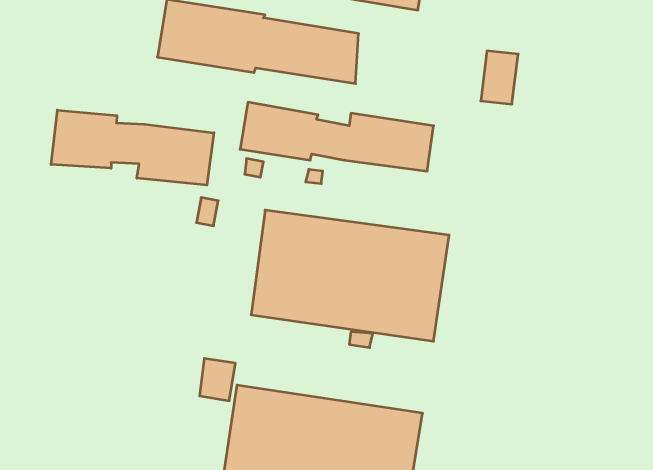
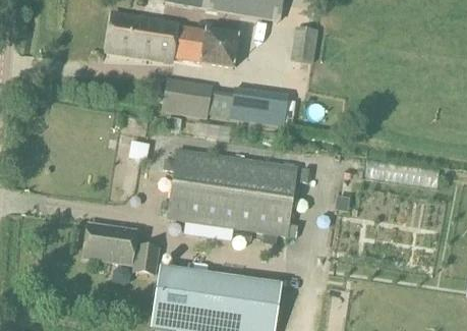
building: [481,51,518,104] -> [291,26,315,61]
building: [51,110,214,185] -> none
building: none -> [84,224,136,265]

